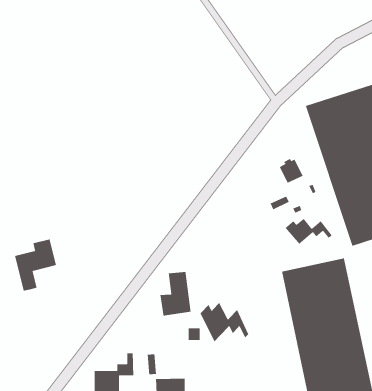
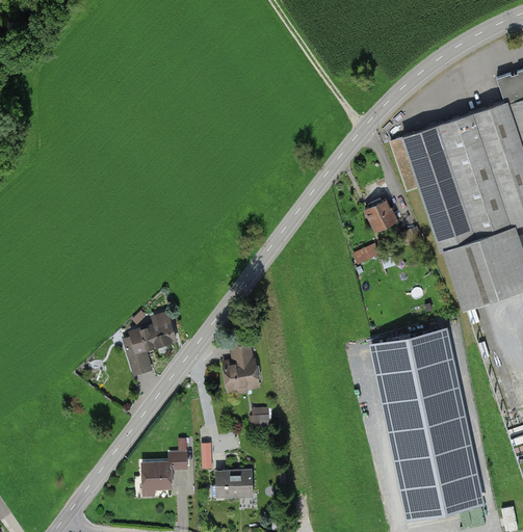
building: [285,218,333,245] -> none
building: [14,239,57,292] -> [124,311,177,376]
building: [200,302,249,342] -> none

